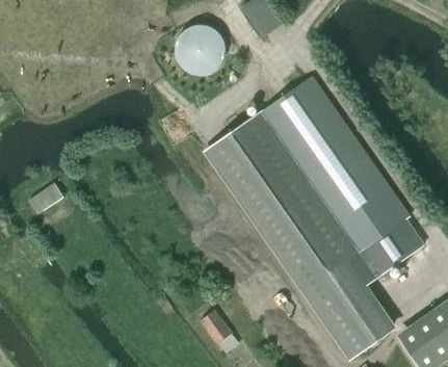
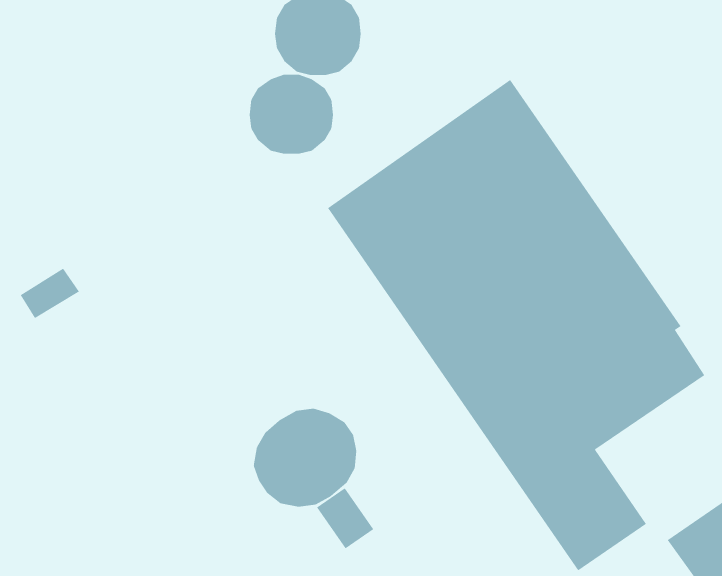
building: none -> [249,74,334,155]
building: none -> [253,408,357,508]

